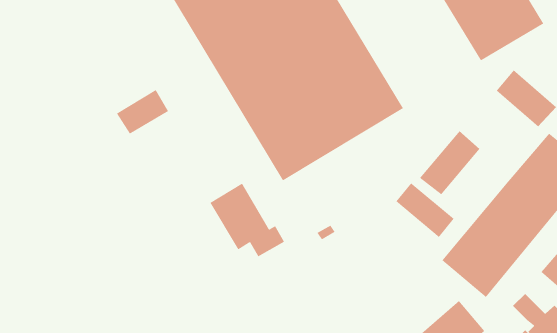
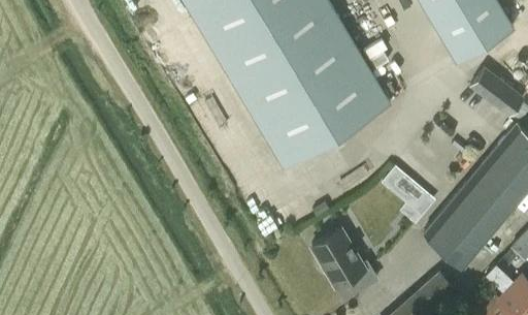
building: [116,89,169,135] -> none
building: [419,130,480,195] -> none
building: [210,183,285,257] -> [312,230,378,295]

